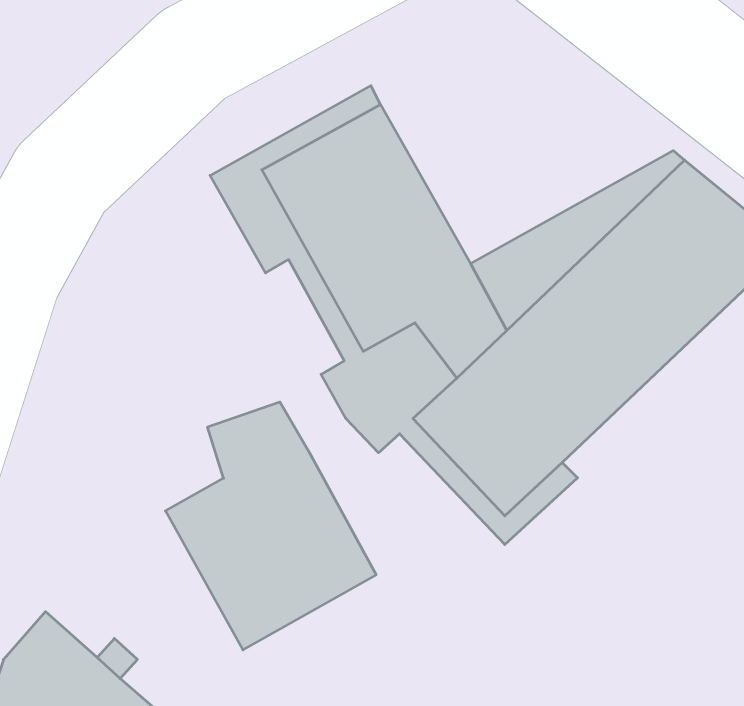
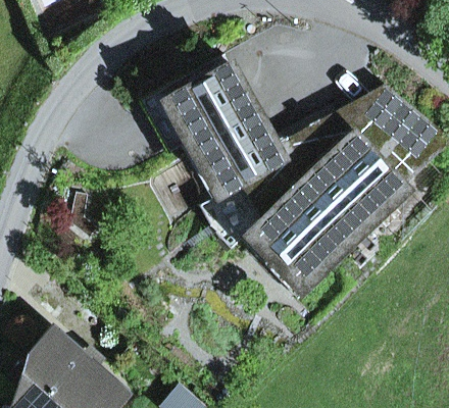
building: [165,402,376,650] -> none

